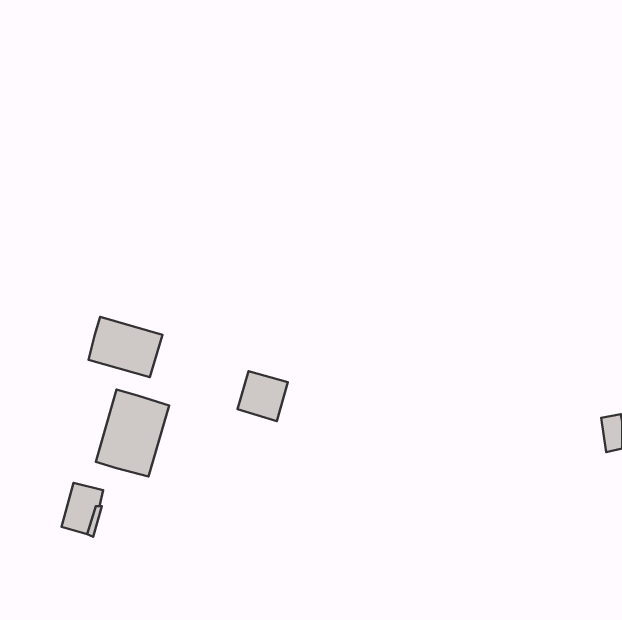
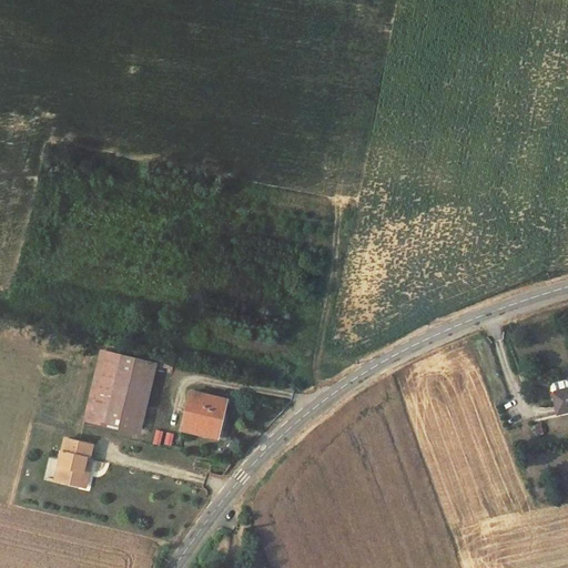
building: [89,317,162,377] -> none
building: [238,371,288,421] -> [182,394,227,439]

